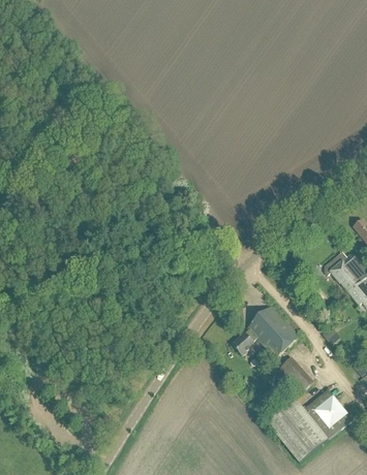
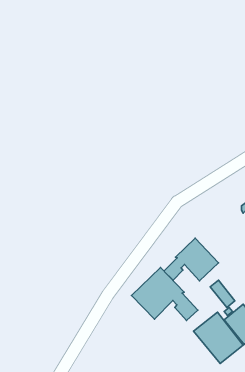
building: none -> [132,267,198,321]

